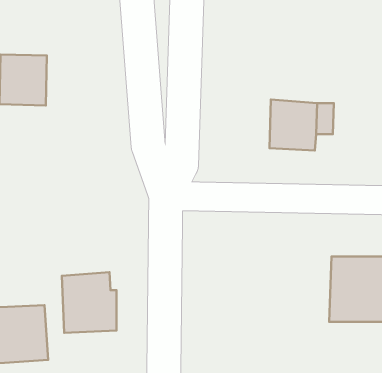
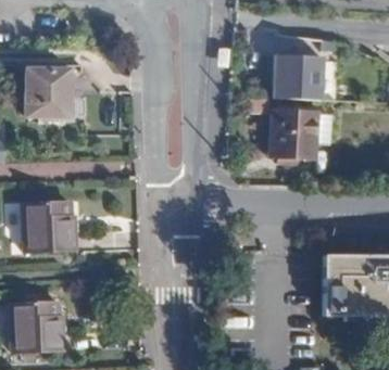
building: none -> [265,58,315,103]
building: [62,272,117,333] -> [30,195,80,251]

